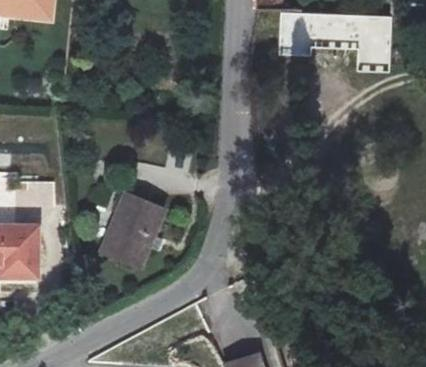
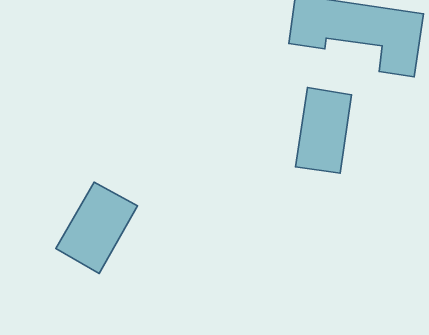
building: none -> [295,87,352,173]

